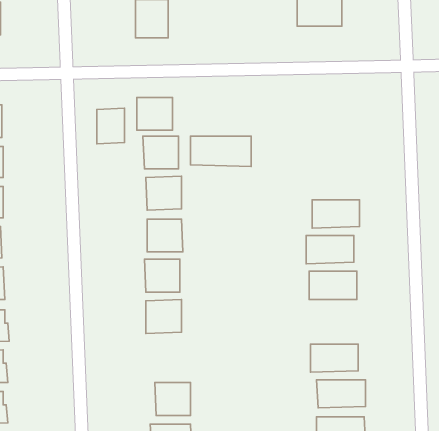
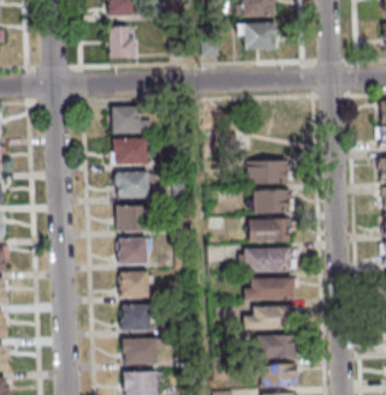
building: [97,108,124,144] -> none
building: [190,136,251,166] -> none
building: none -> [249,160,287,182]
building: none -> [254,277,293,300]
building: none -> [121,305,150,331]

